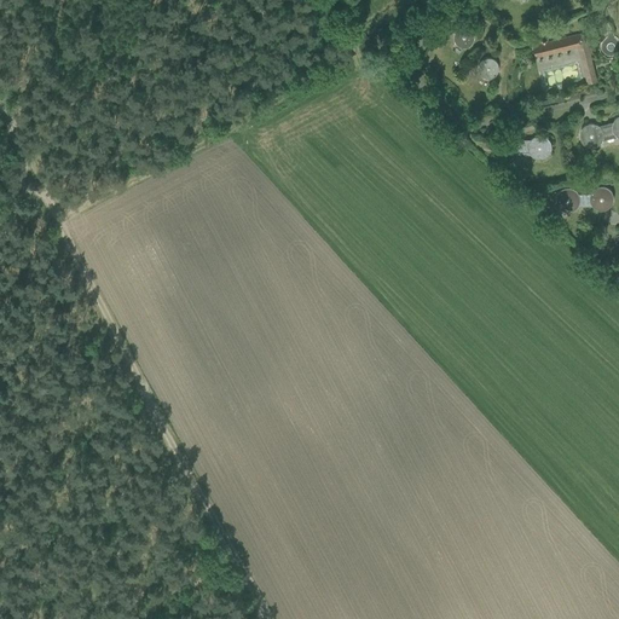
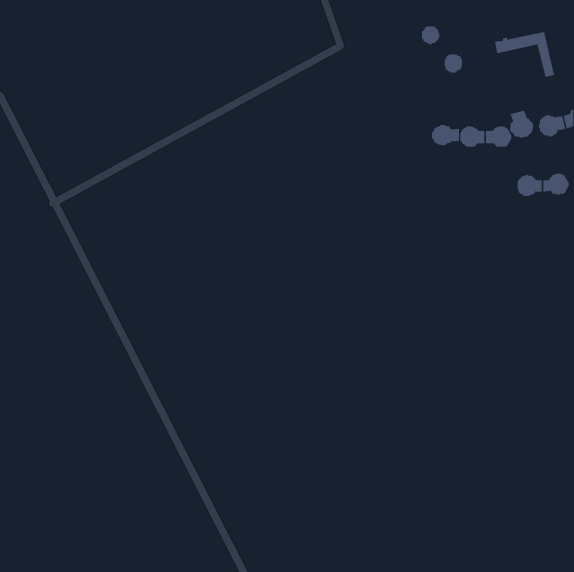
building: none -> [509,110,533,139]
building: none -> [431,124,459,146]

